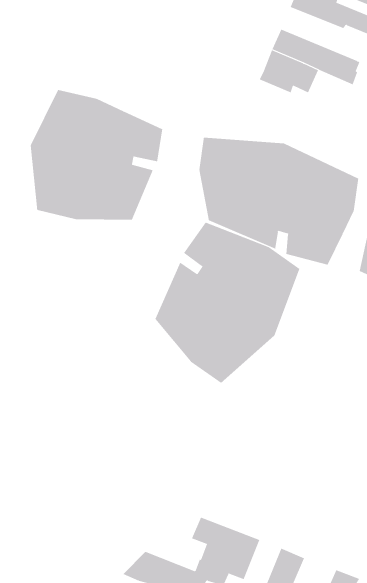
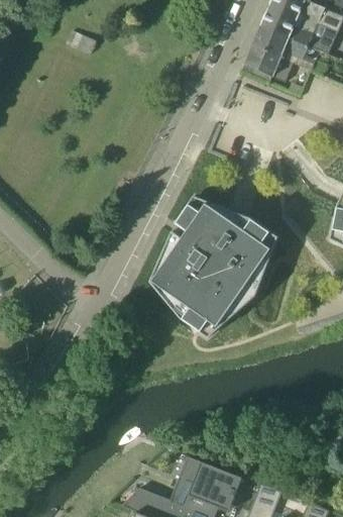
building: none -> [259,7,330,55]
building: [30,89,163,220] -> none
building: [199,137,359,265] -> none

